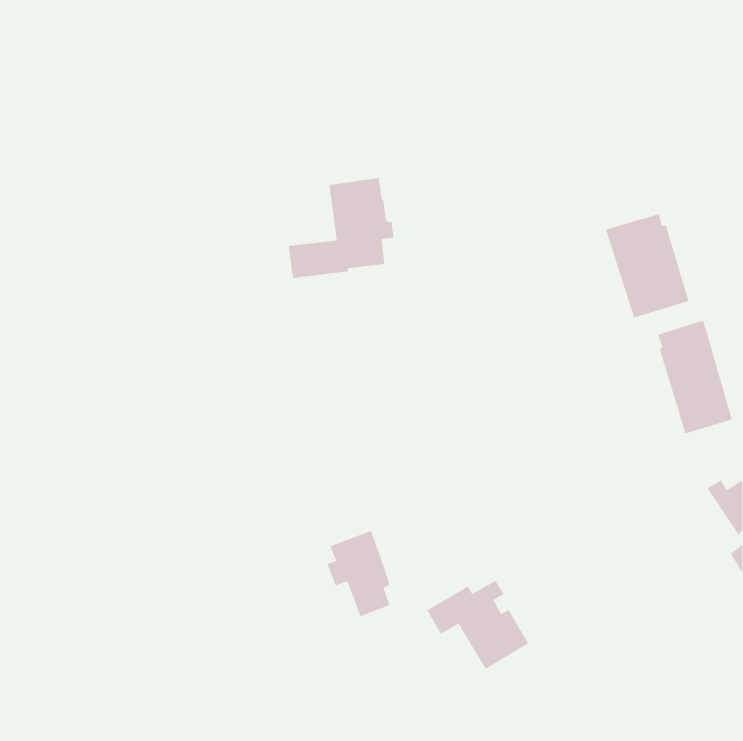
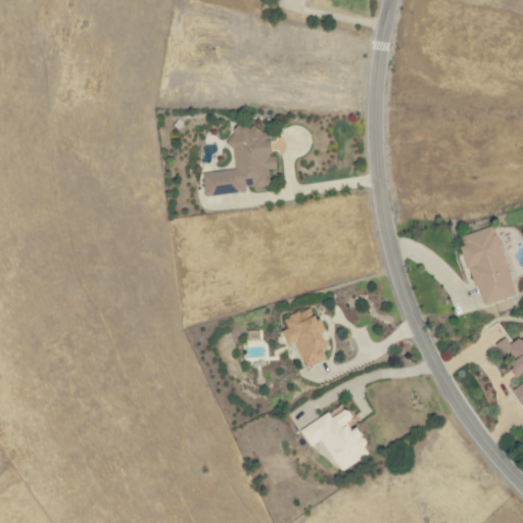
building: [605,213,690,319] -> none
building: [326,530,390,617] -> [282,306,327,368]

